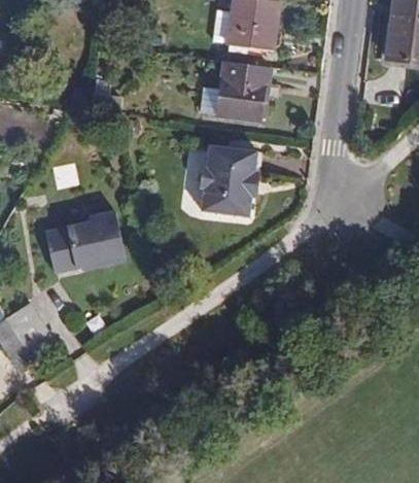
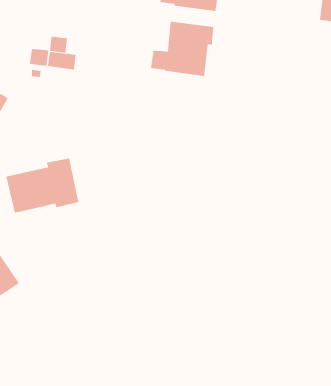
building: [200,144,258,216] -> none

